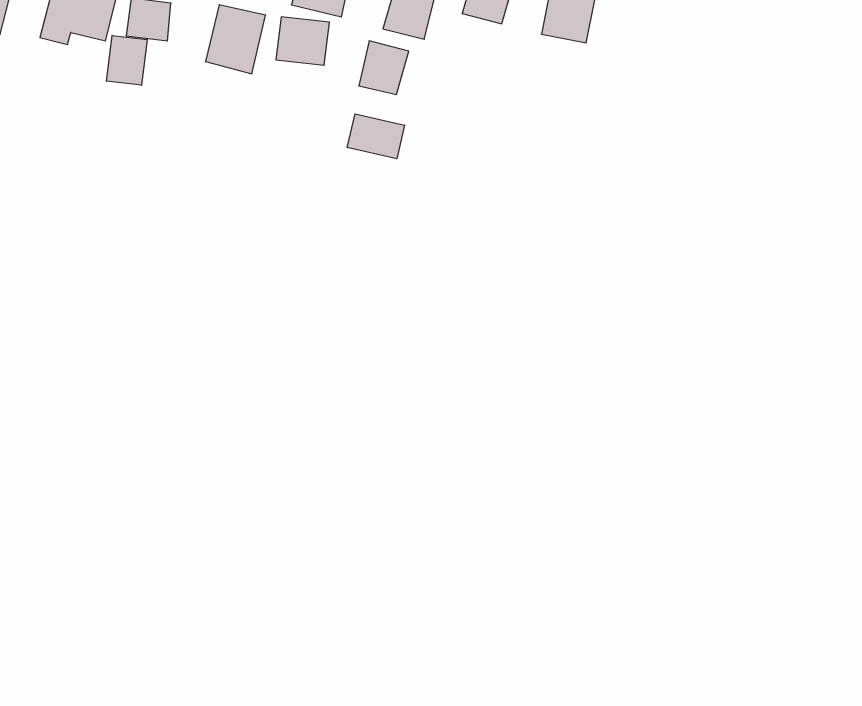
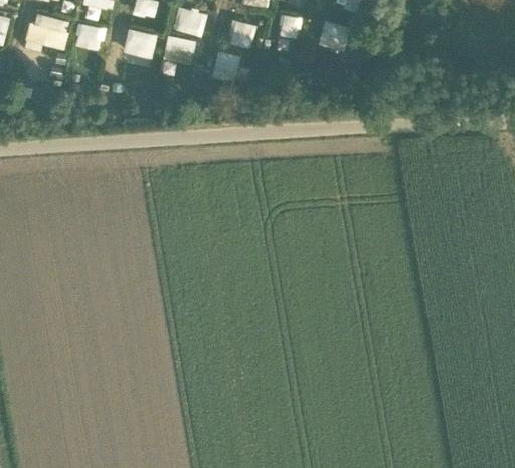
building: [106,35,147,85] -> none
building: [347,114,405,159] -> none

